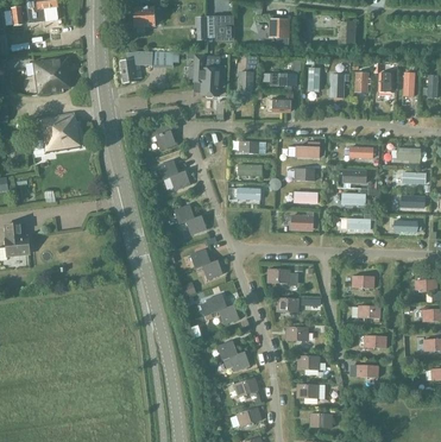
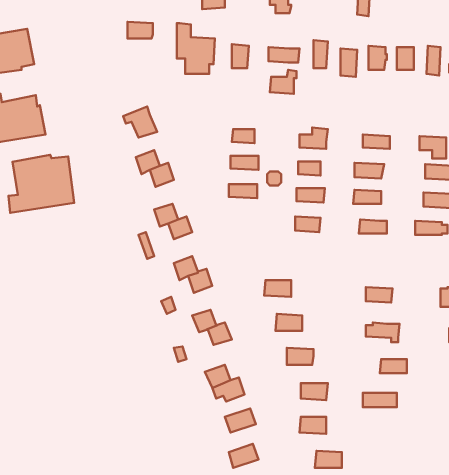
building: [120,51,151,82] -> none
building: none -> [9,155,74,213]

